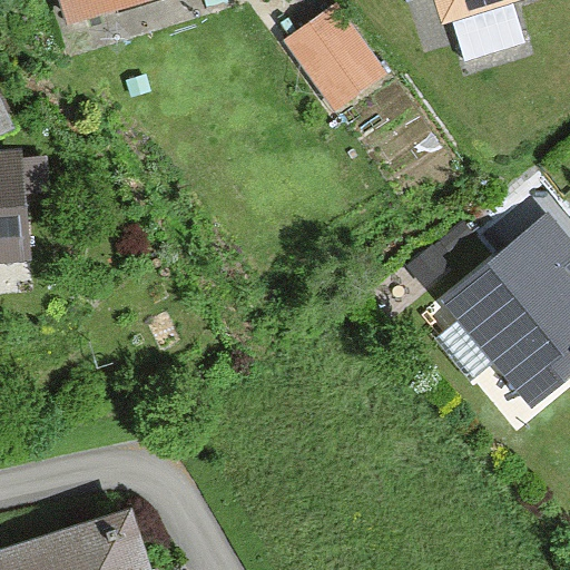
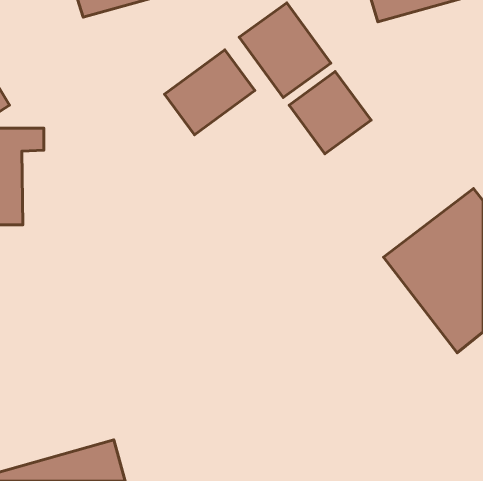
building: none -> [164,50,255,135]
building: none -> [289,72,371,154]

